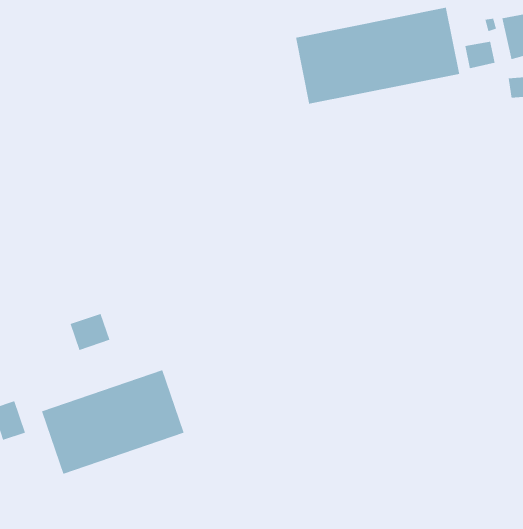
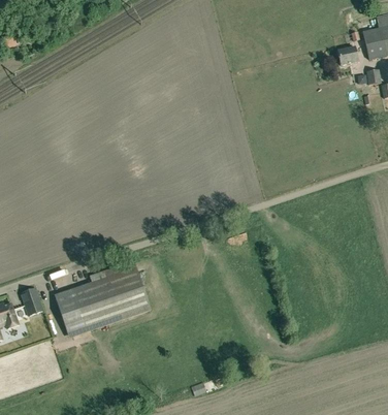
building: [295,7,460,105] -> none
building: [70,313,110,351] -> none

